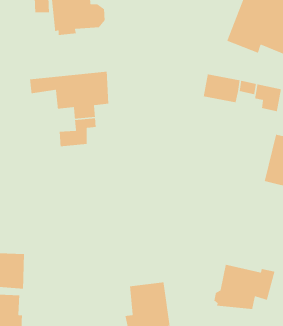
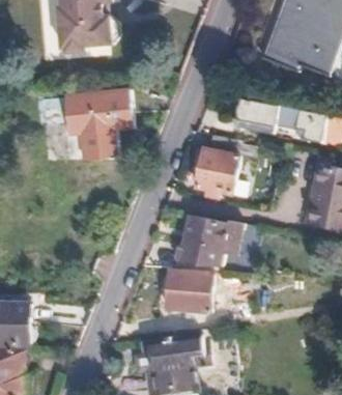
building: none -> [195,134,243,196]
building: none -> [166,271,212,312]
building: [213,264,275,310] -> [174,215,246,267]

